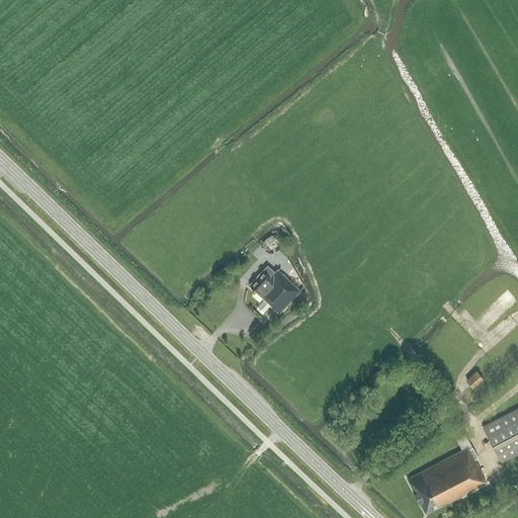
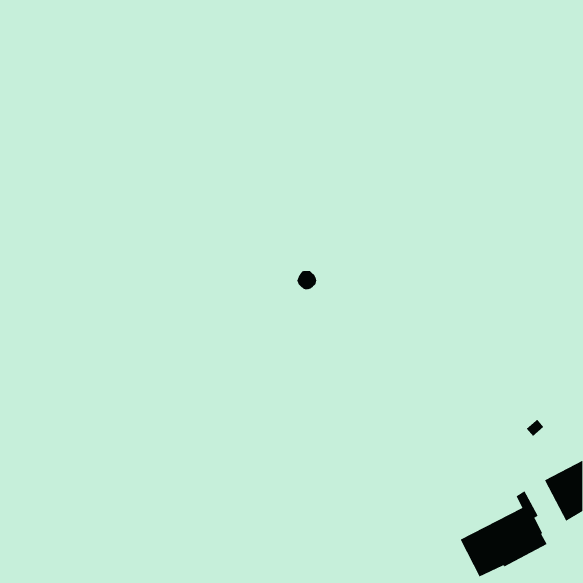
building: [250,259,304,313] -> none

